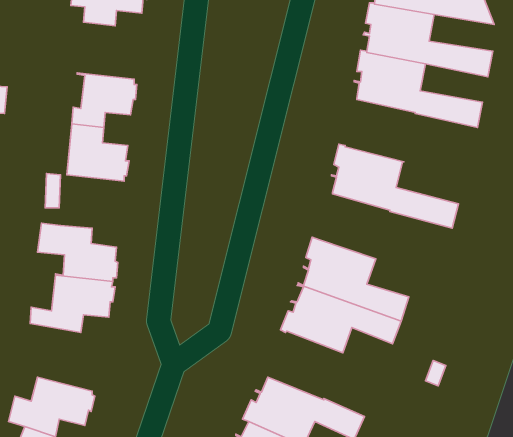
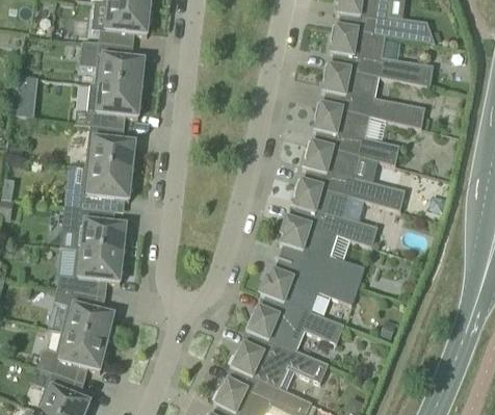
building: none -> [78,41,145,88]
building: none -> [312,103,399,165]
building: none -> [80,166,134,210]
building: none -> [290,180,377,247]
building: none -> [52,288,113,343]
building: none -> [245,294,344,351]

